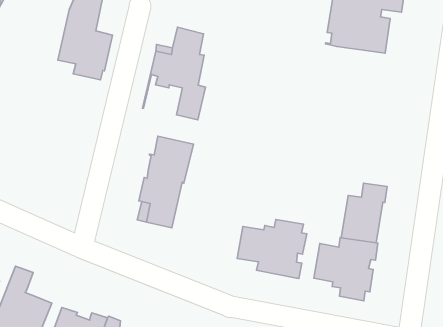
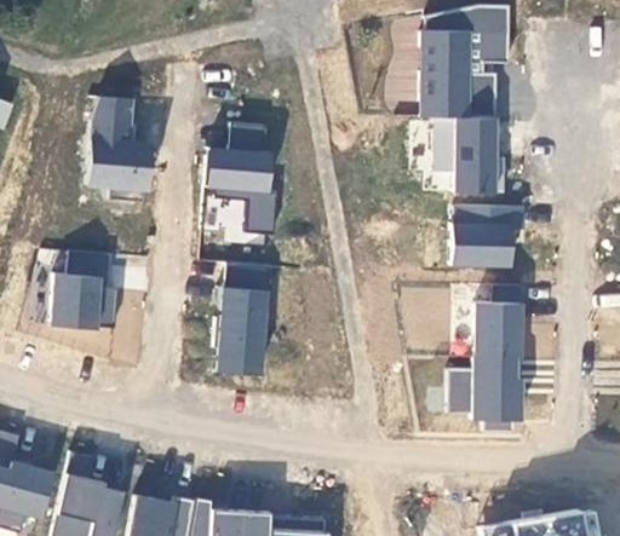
building: none -> [435,117,505,192]
building: none -> [51,250,119,329]
building: none -> [450,204,524,266]
building: [237,220,307,278] -> none

